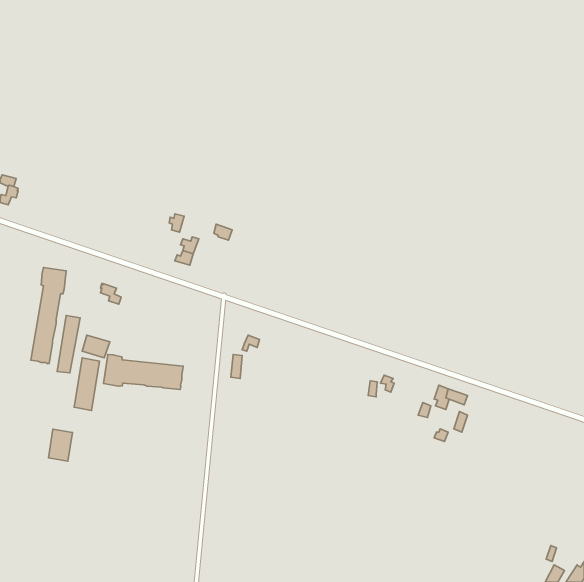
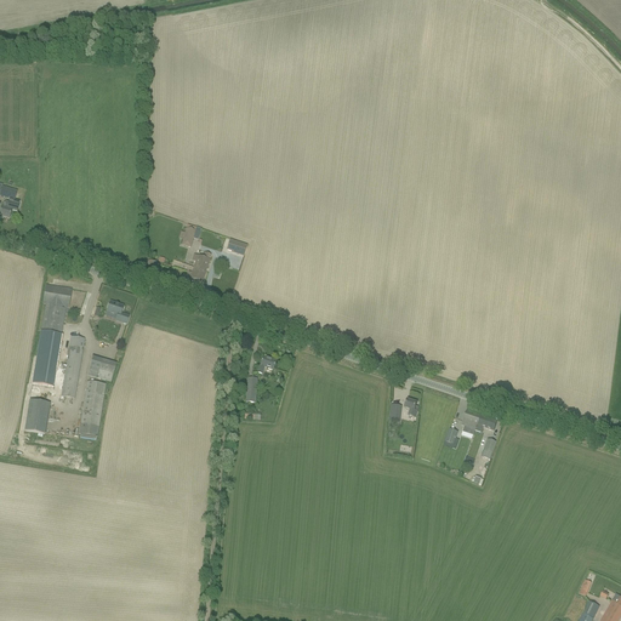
building: [104,355,183,390] -> none
building: [48,429,72,461] -> [24,399,50,433]

